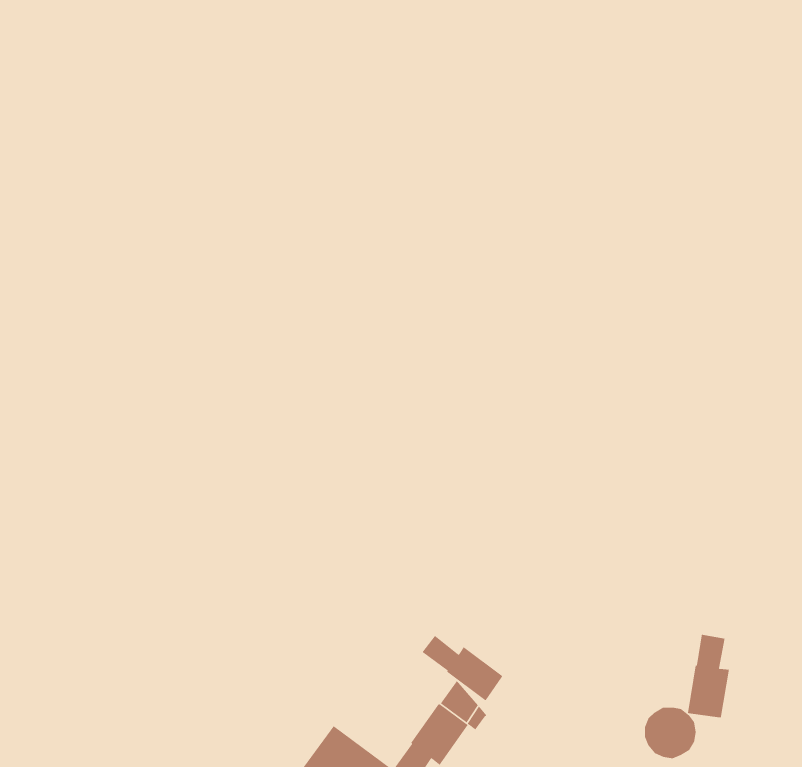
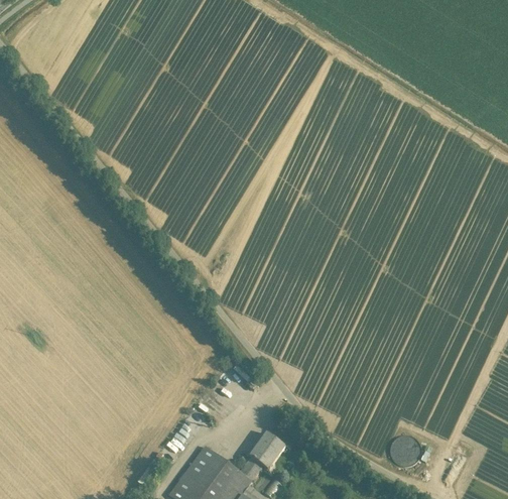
building: [687,634,730,718] -> none
building: [421,635,503,701] -> none

